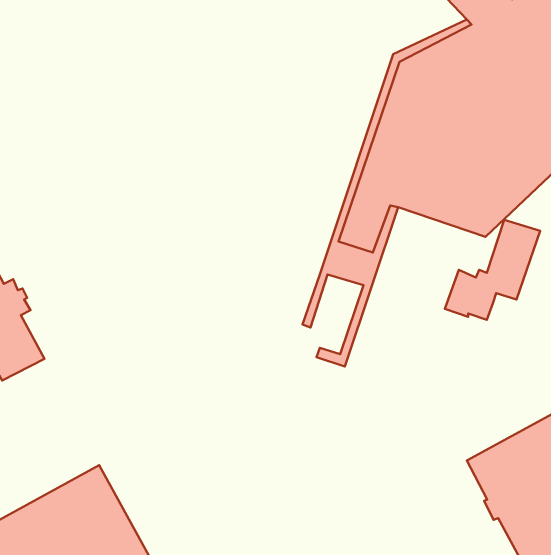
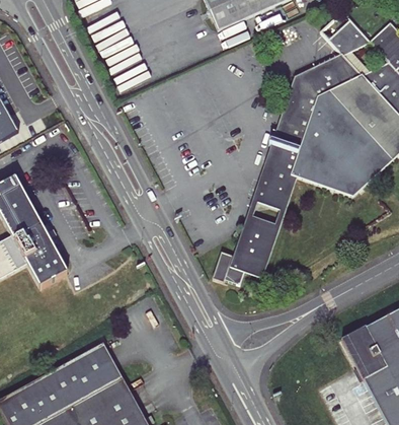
building: [445,220,540,320] -> [212,219,273,284]

